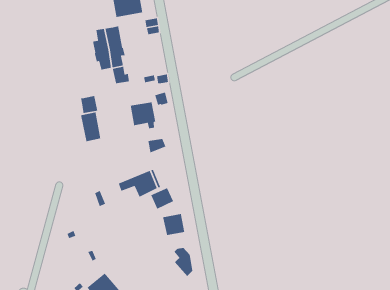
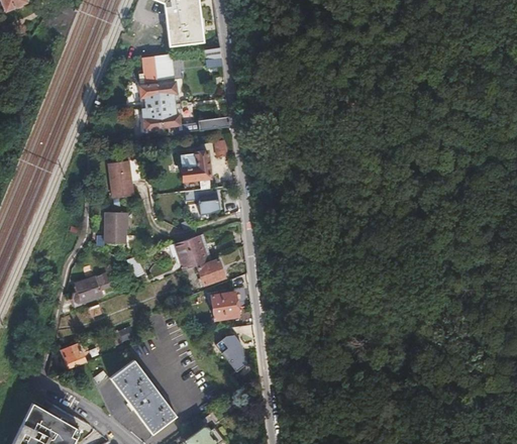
building: [80,95,98,114] -> [141,107,163,129]
building: none -> [105,212,126,243]
building: none -> [73,273,111,305]
building: none -> [61,343,87,369]

